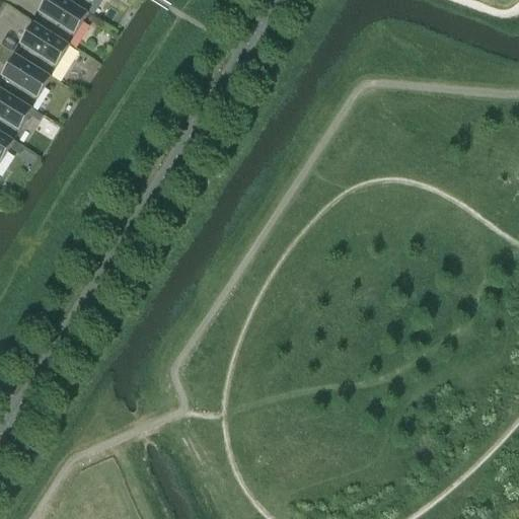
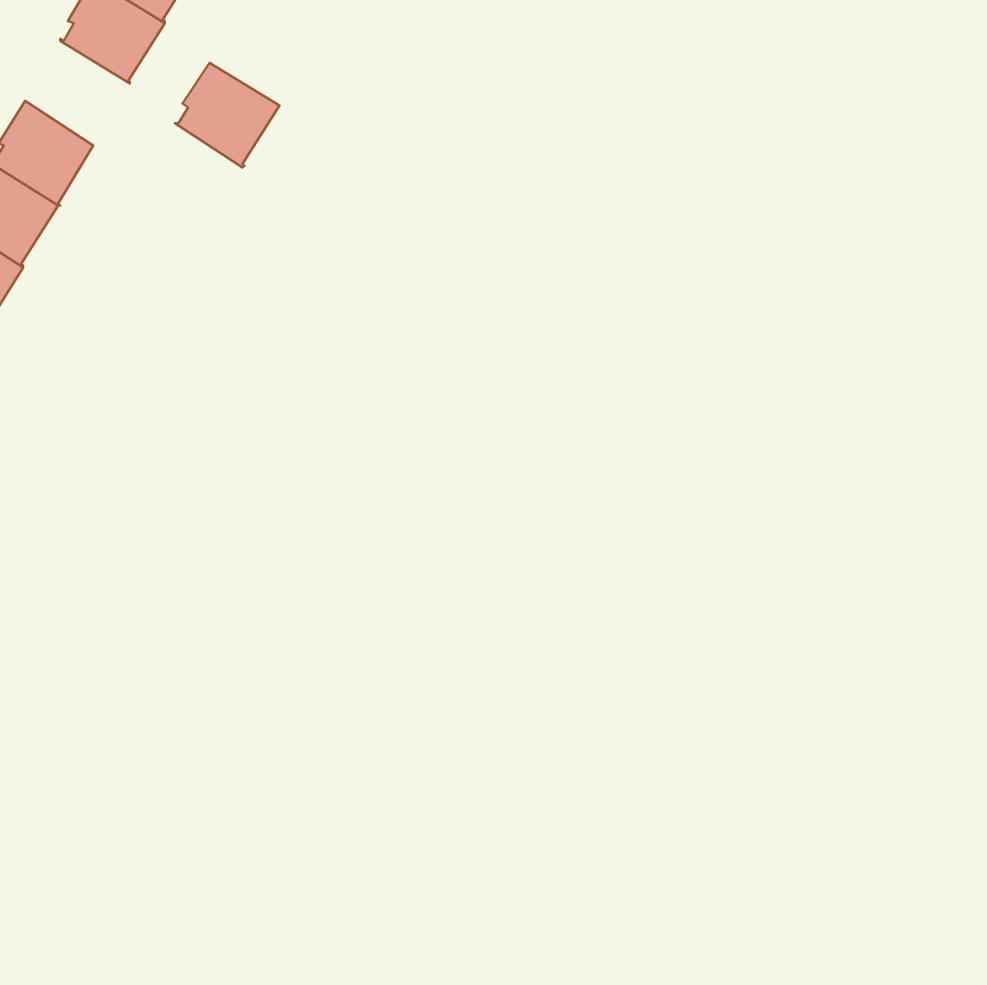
building: [13,21,68,76] -> [175,63,279,168]

